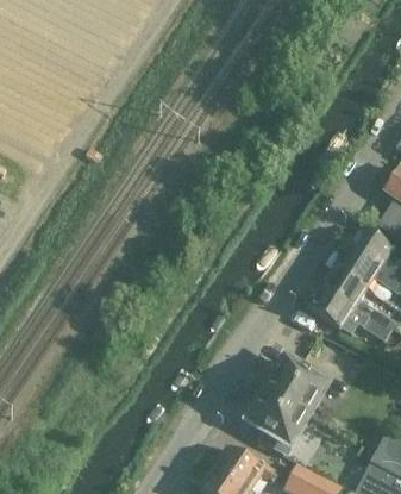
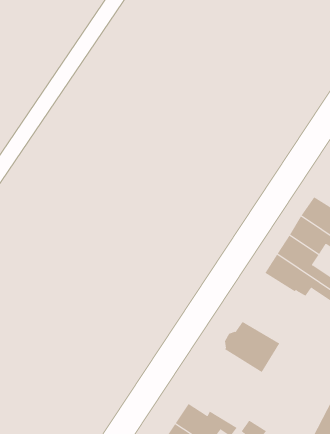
building: [249,389,307,444] -> none

